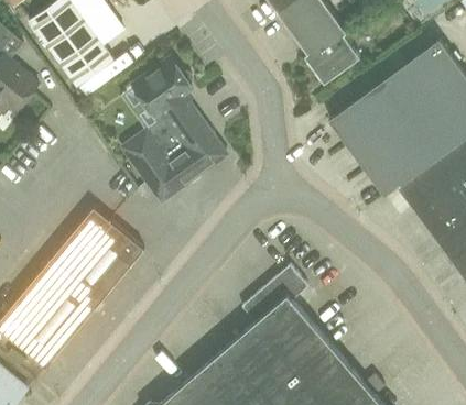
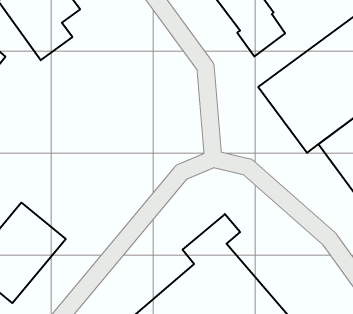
building: [123,59,226,202] -> none
building: [57,208,145,295] -> none

